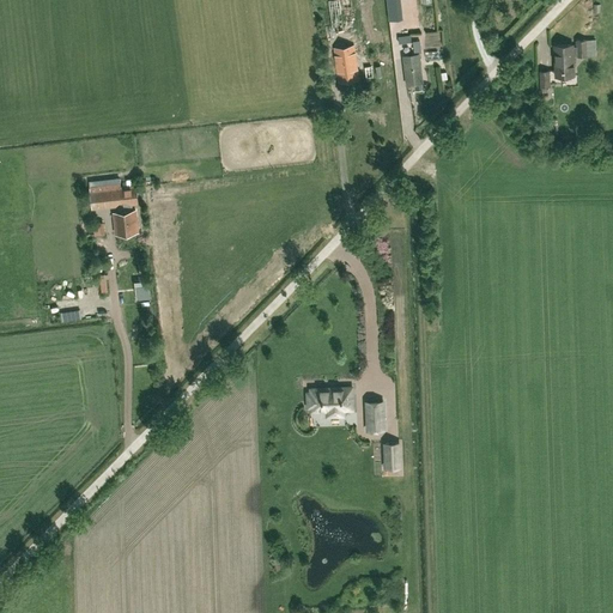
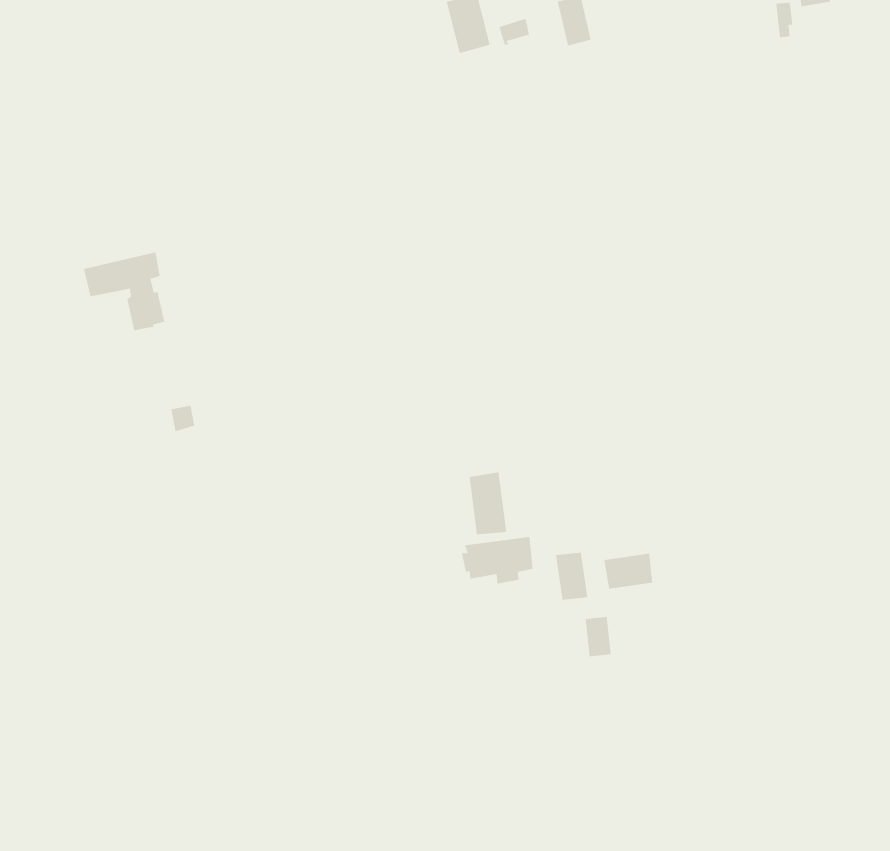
building: none -> [469,472,507,535]
building: none -> [604,553,653,589]

